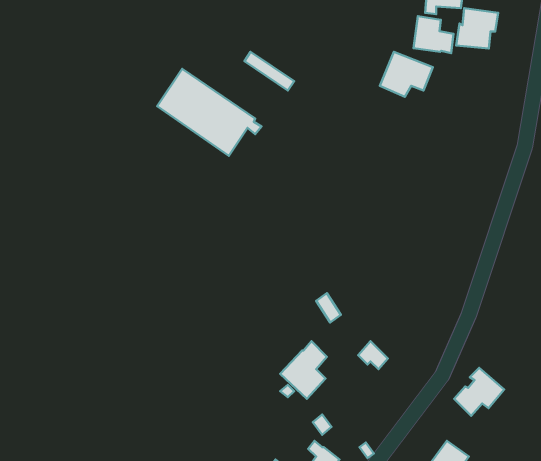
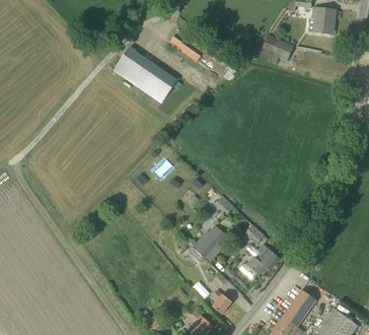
building: [414,16,453,53] -> none
building: [454,368,504,416] -> [246,244,279,275]

